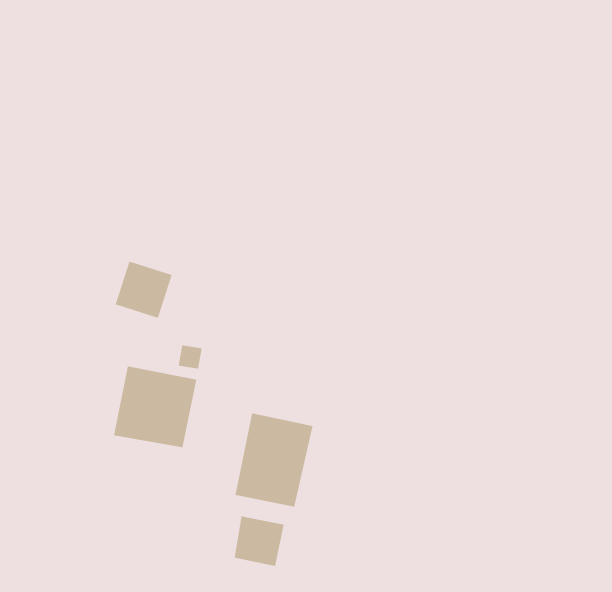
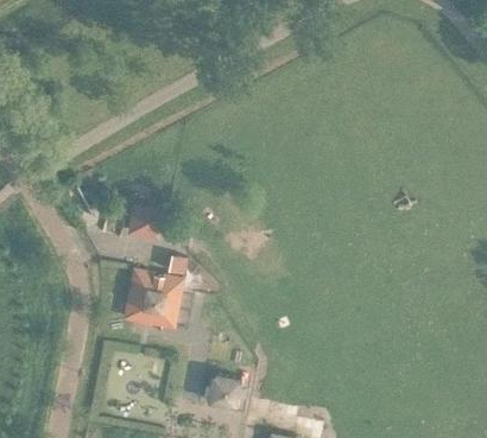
building: [235,413,313,508] -> none

